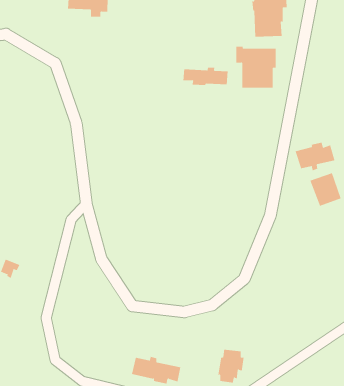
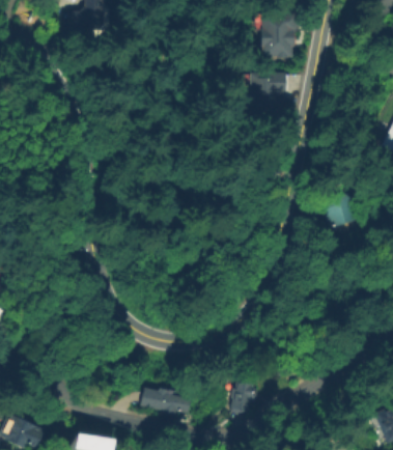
building: [183,67,228,86] -> none
building: [295,142,335,171] -> none

